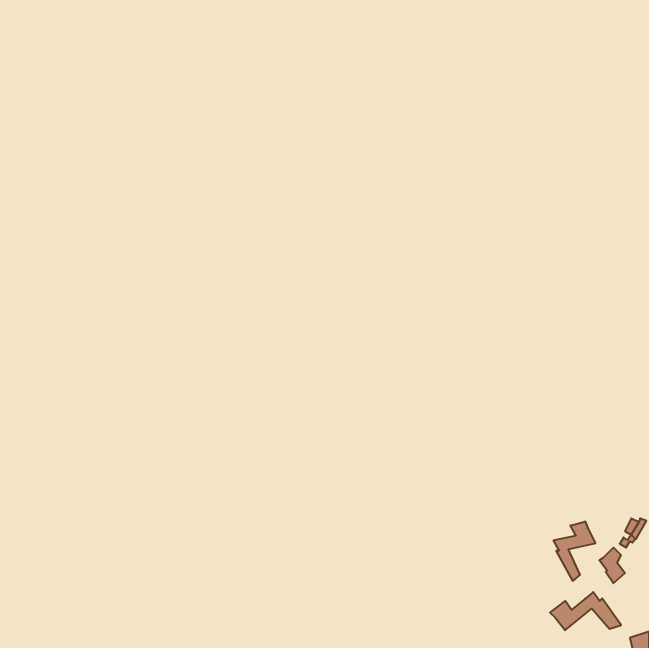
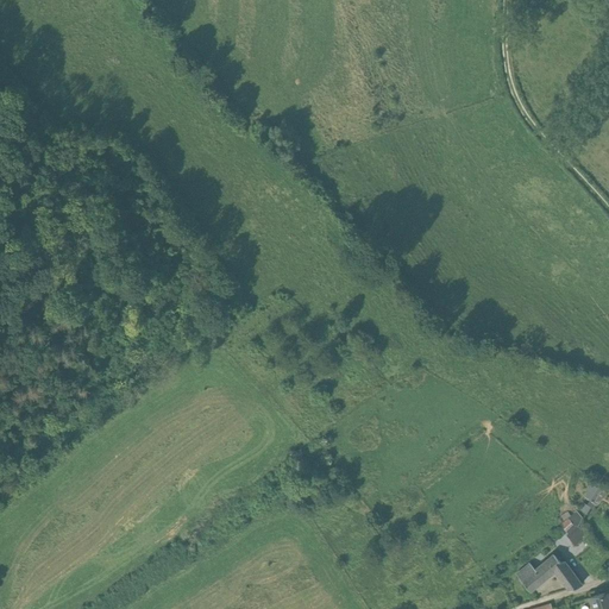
building: [554,521,595,581] -> none

